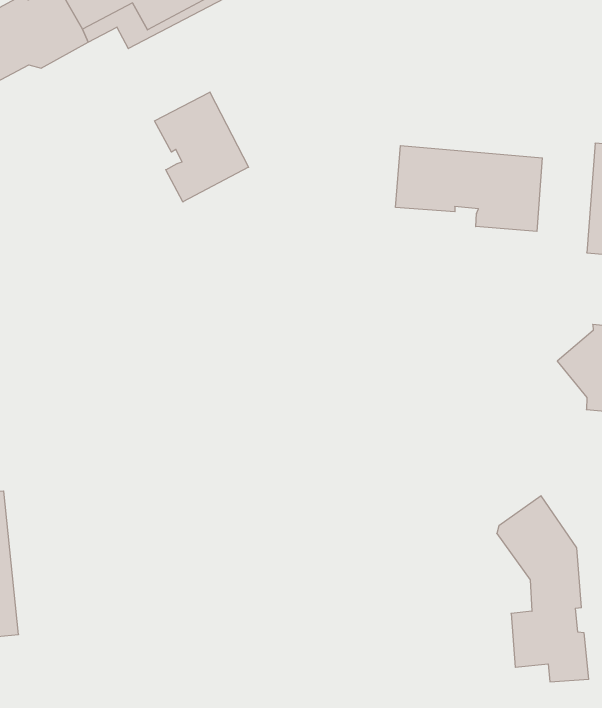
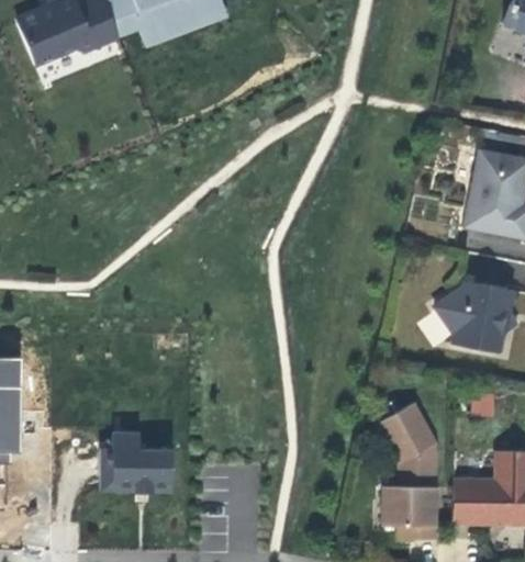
building: [155,92,249,202] -> none
building: [396,146,542,231] -> none
building: none -> [100,432,169,491]

